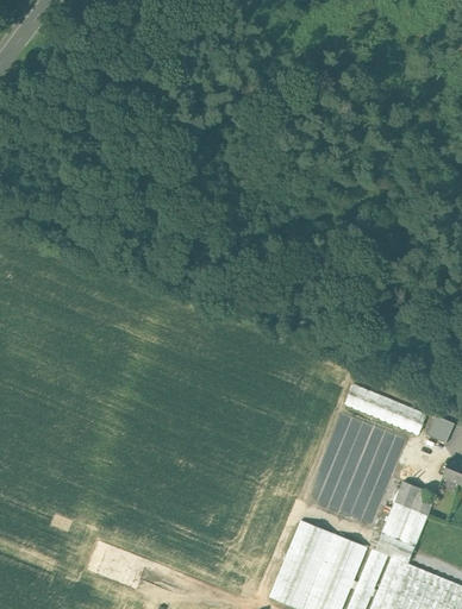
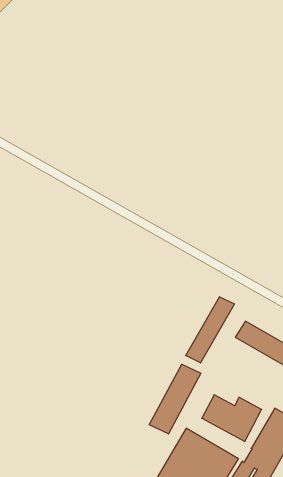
building: none -> [186,297,234,363]
building: none -> [149,364,201,434]

